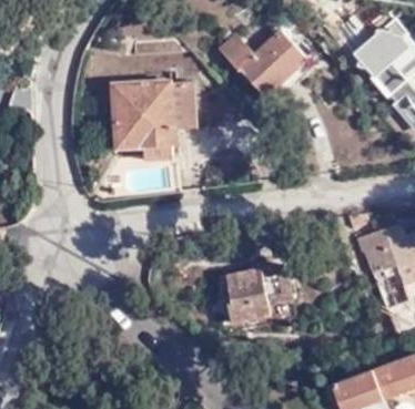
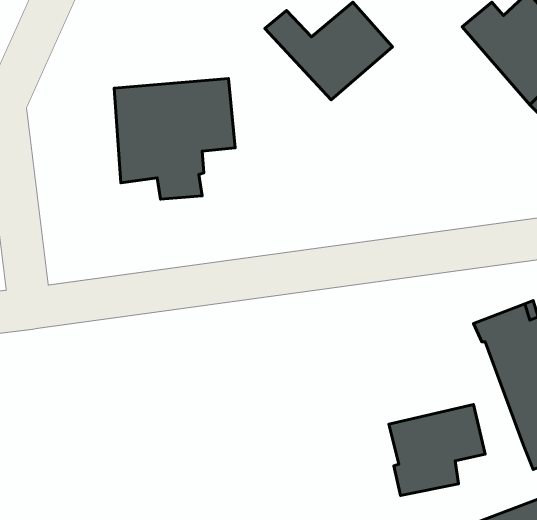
building: [227,266,292,327] -> [389,404,485,496]

